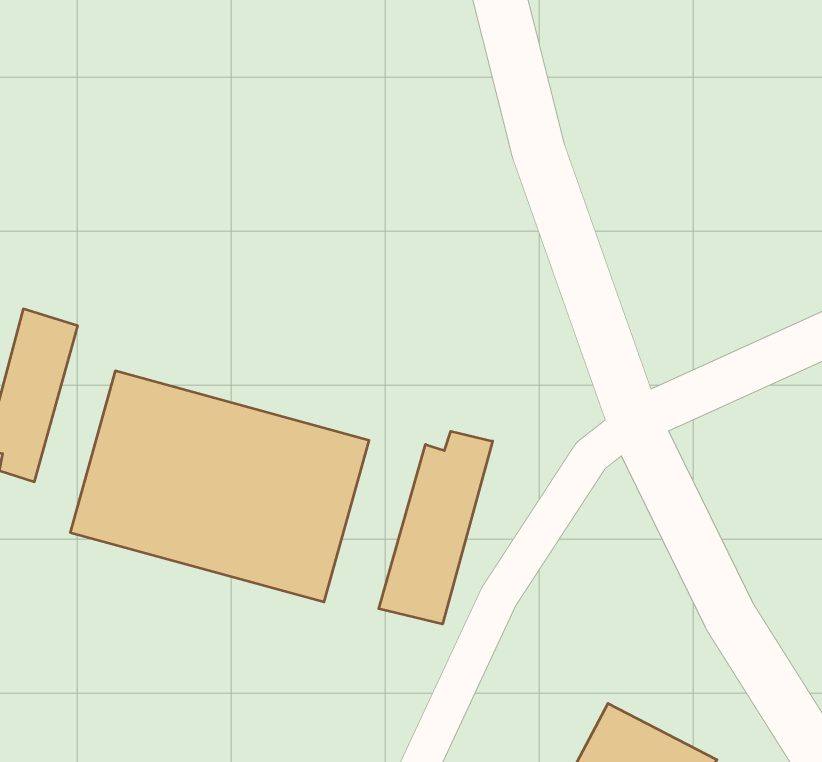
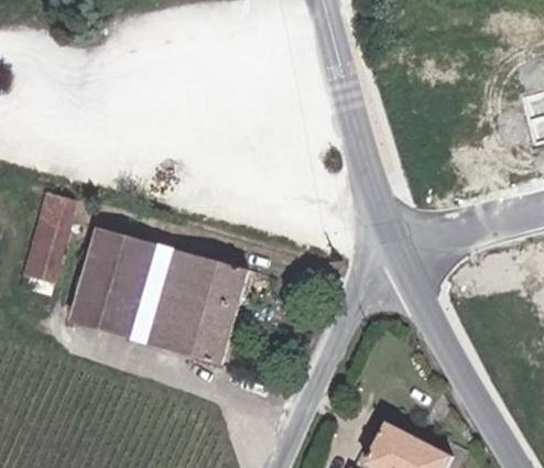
building: [379,431,493,624] -> none

